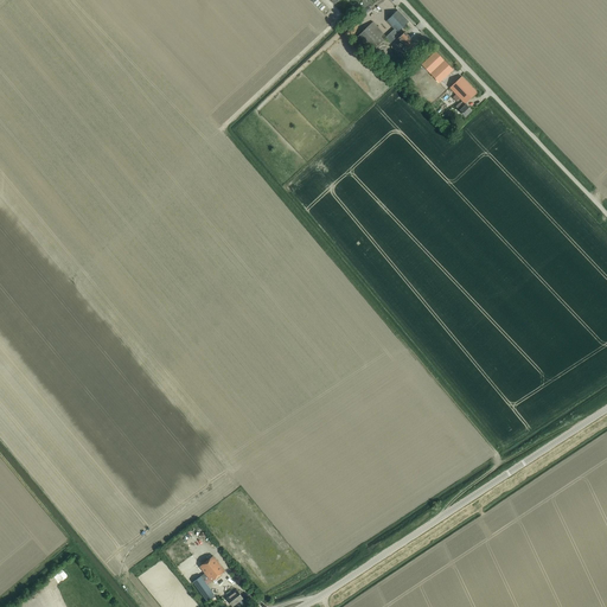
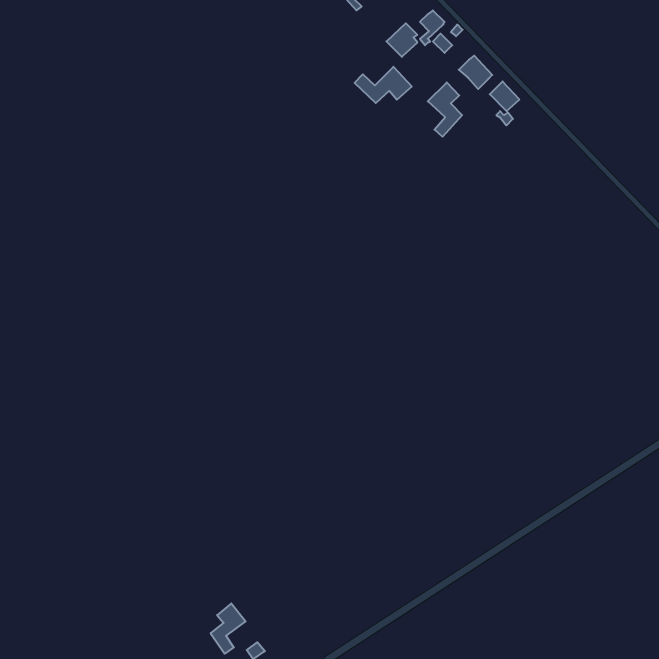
building: none -> [355,67,412,103]
building: none -> [428,82,462,137]

